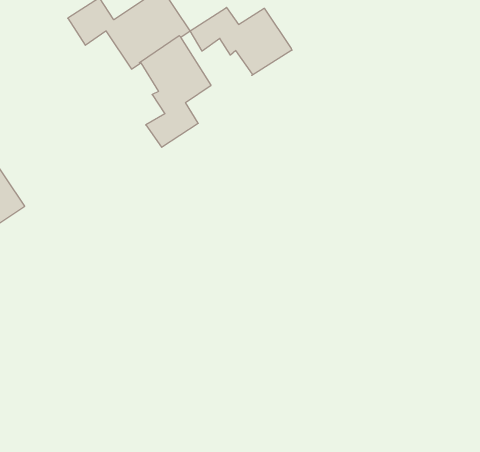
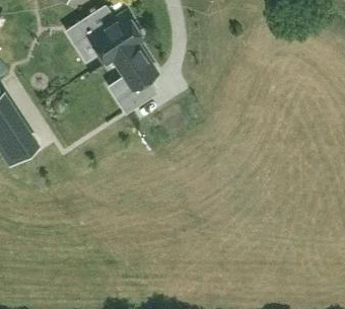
building: [190,7,292,75] -> none

